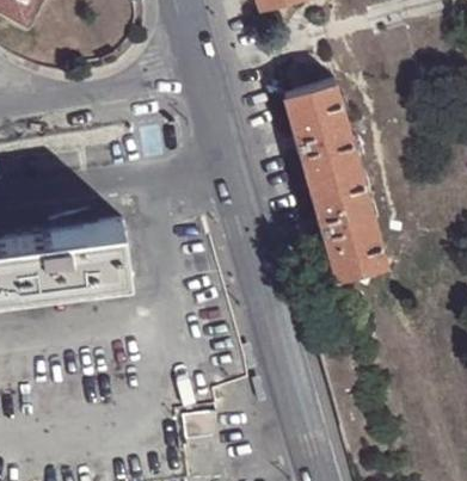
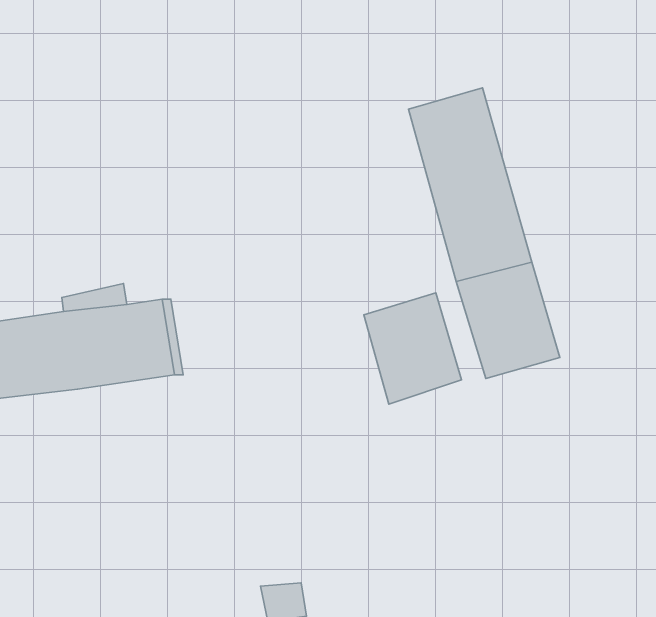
building: none -> [364,293,461,404]

